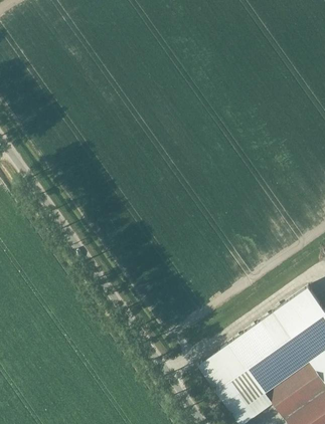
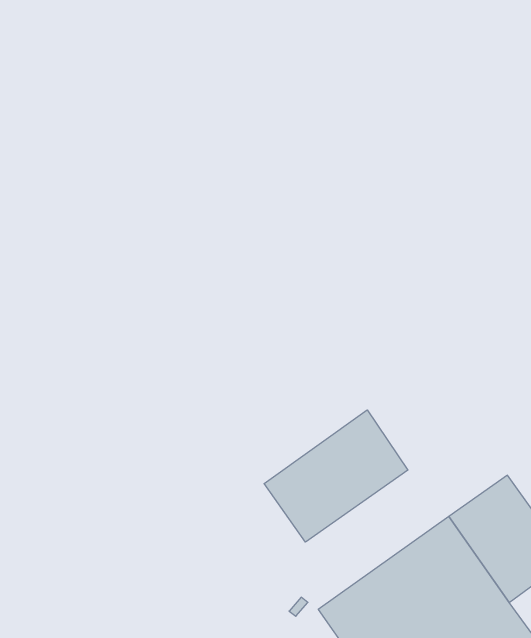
building: none -> [264,410,408,542]

